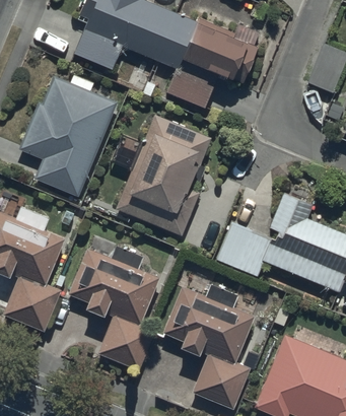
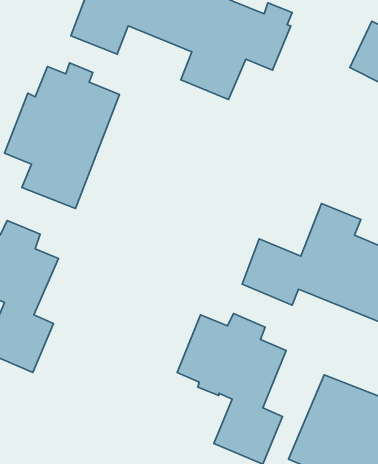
building: [116,117,210,236] -> none
building: [69,248,158,371] -> none

